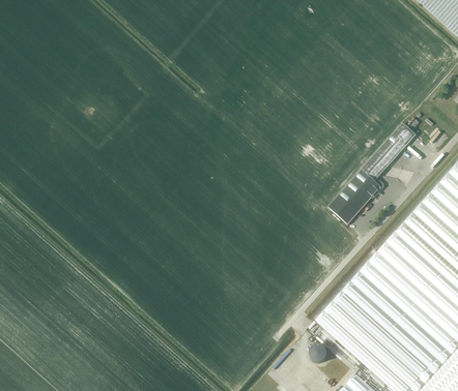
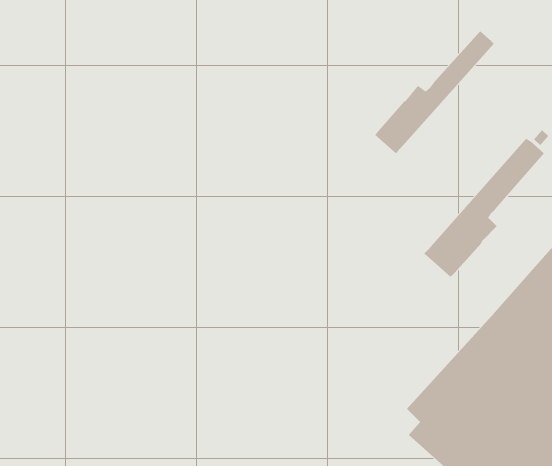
building: none -> [374,30,494,154]

